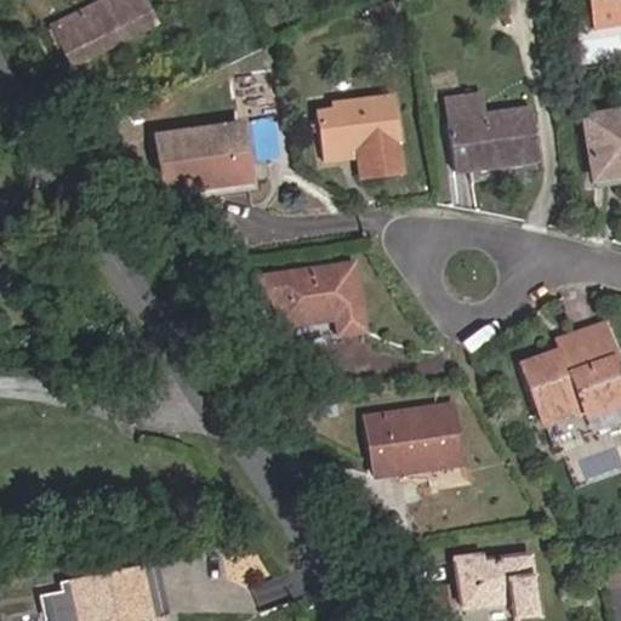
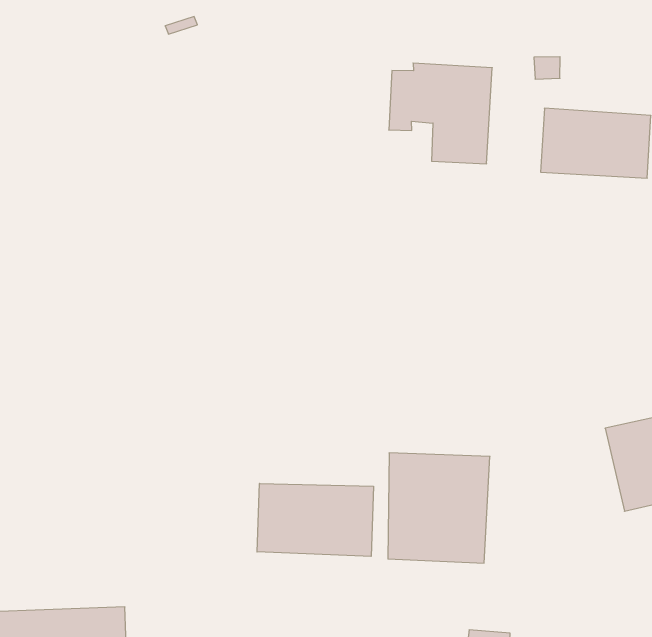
building: [153,129,241,188] -> none
building: [251,264,364,336] -> none
building: none -> [257,483,373,556]

